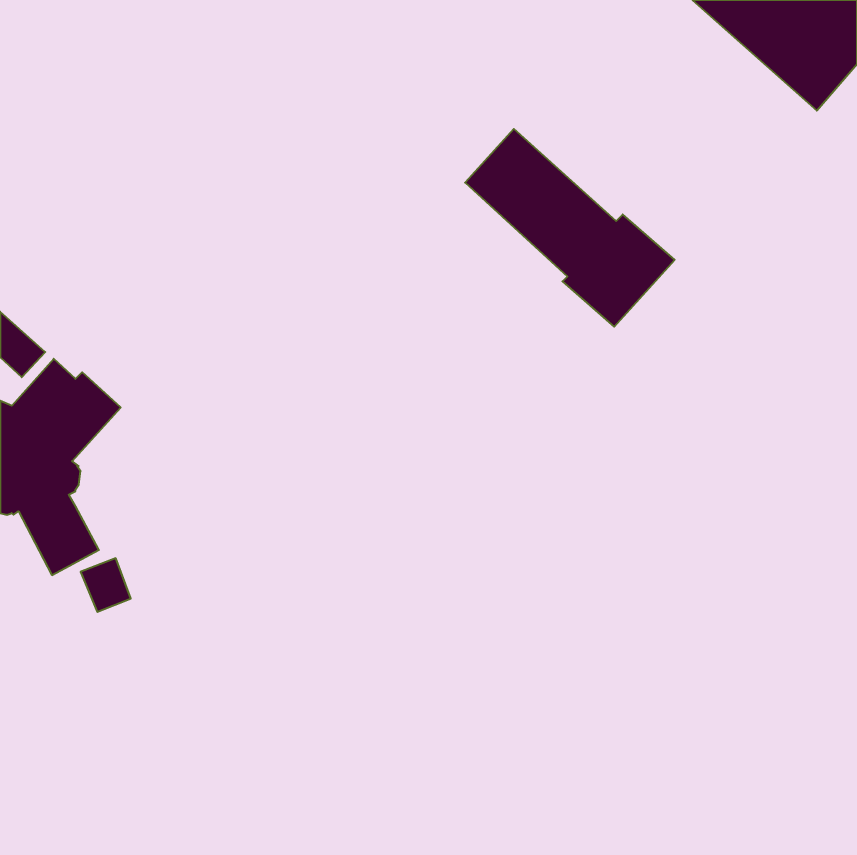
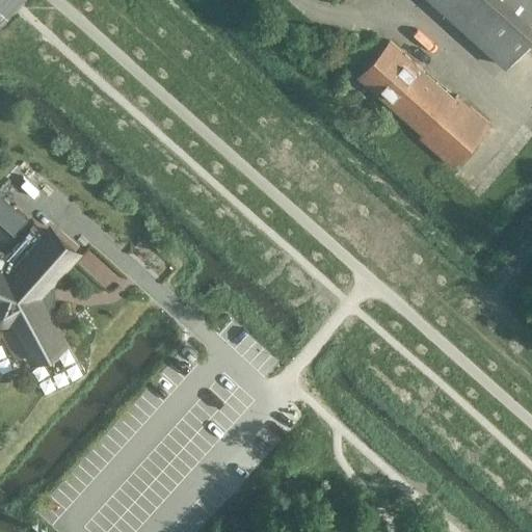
building: [465,129,675,327] -> [360,44,489,166]

